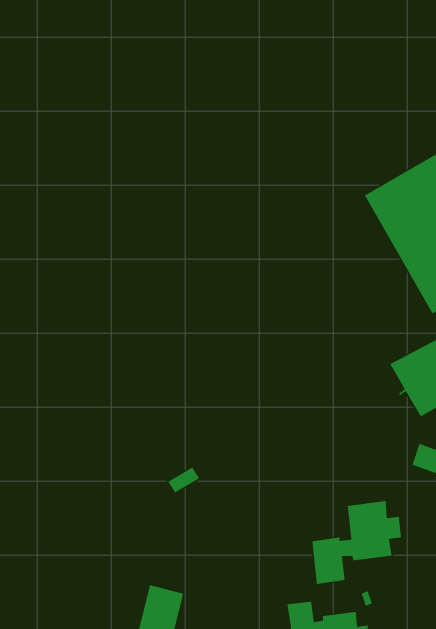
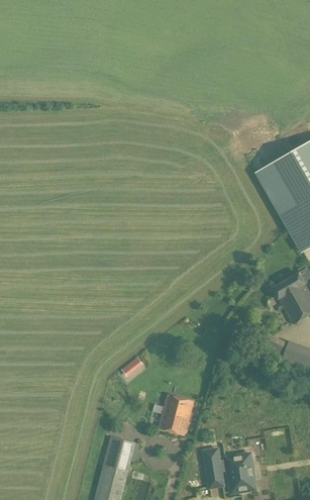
building: [312,500,402,585] -> none
building: none -> [158,394,192,434]

